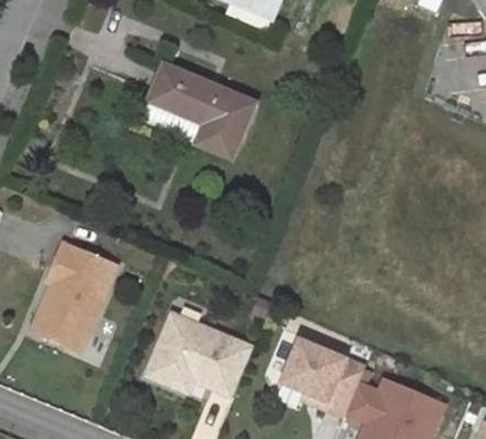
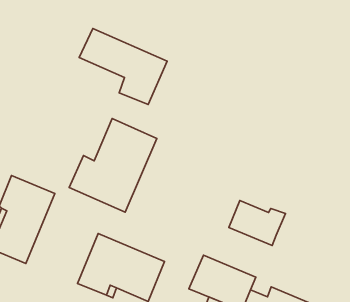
building: none -> [69,118,157,212]
building: none -> [229,200,285,245]

